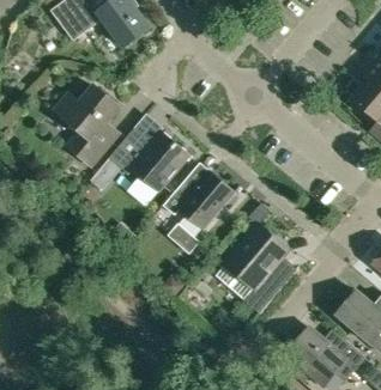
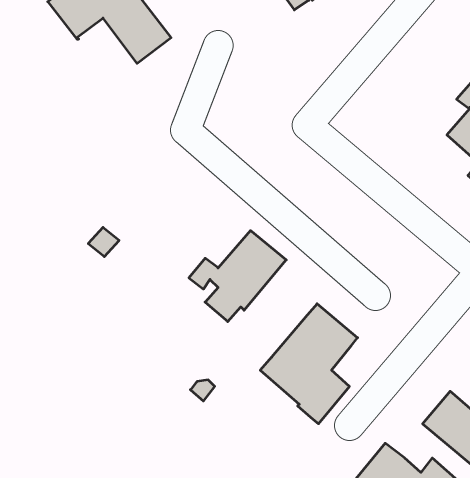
building: [56,87,119,167] -> none
building: [110,132,190,193] -> none

